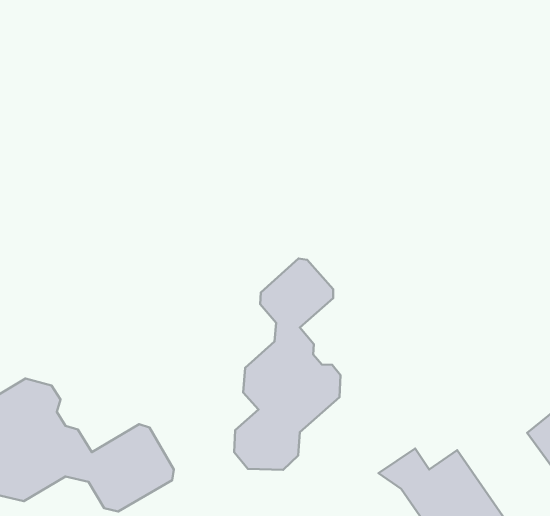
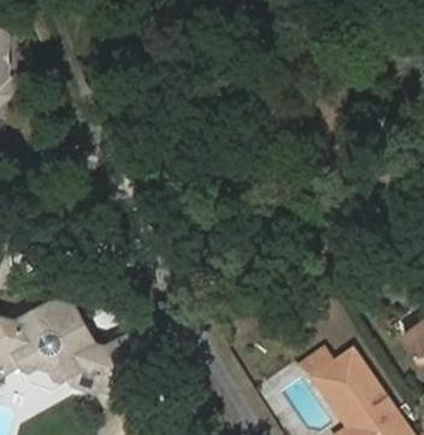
building: [234,259,341,470] -> none

